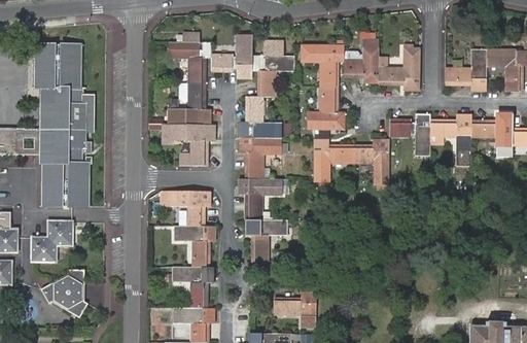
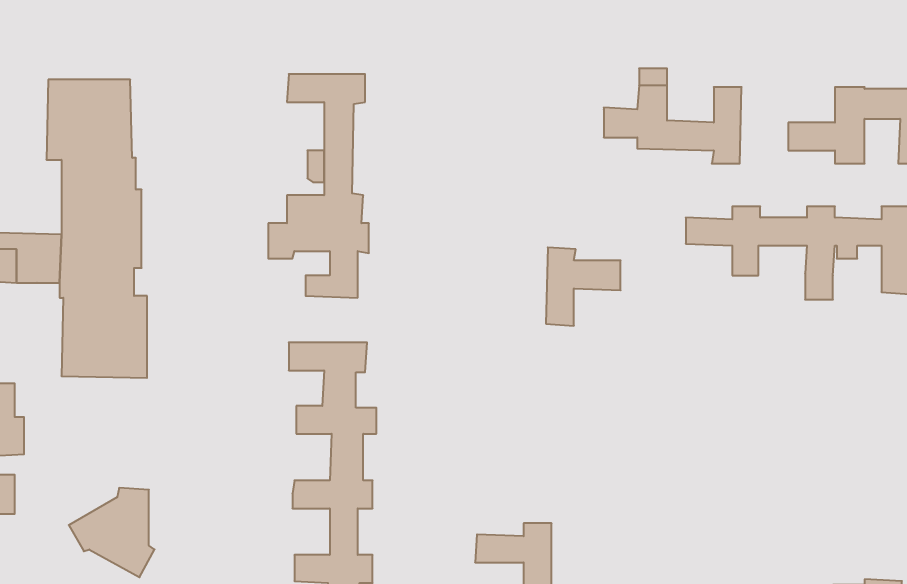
building: [211,36,293,262] -> none
building: [301,45,343,129] -> none
building: [352,139,388,184] -> none
building: [38,224,78,263] -> none

